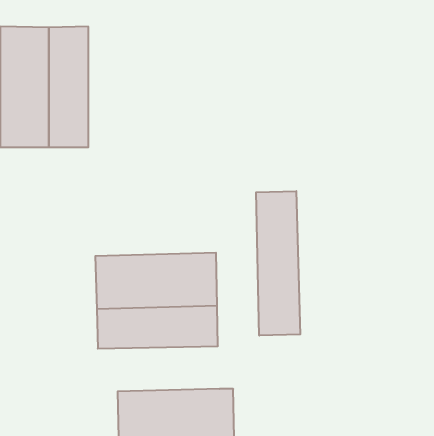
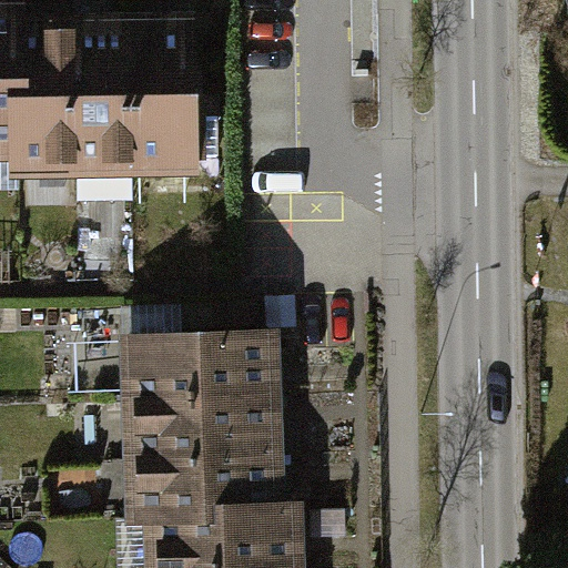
building: none -> [114,37,170,193]
building: [256,191,300,336] -> none
building: none -> [126,450,284,510]

